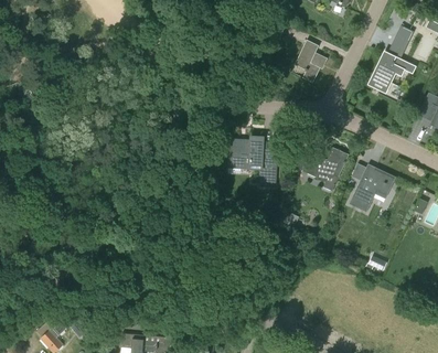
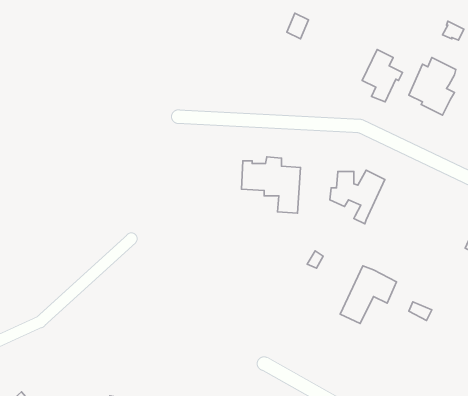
building: [295,40,328,83] -> [362,50,402,102]
building: [349,164,395,212] -> [340,266,396,323]

